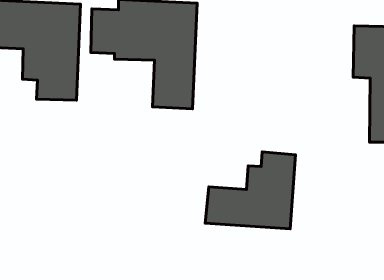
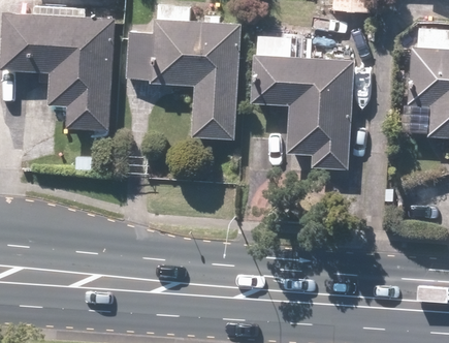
building: none -> [252,31,355,170]
building: [205,152,296,229] -> none

